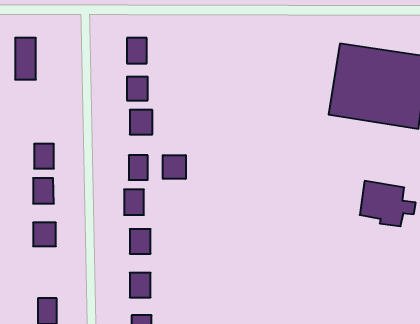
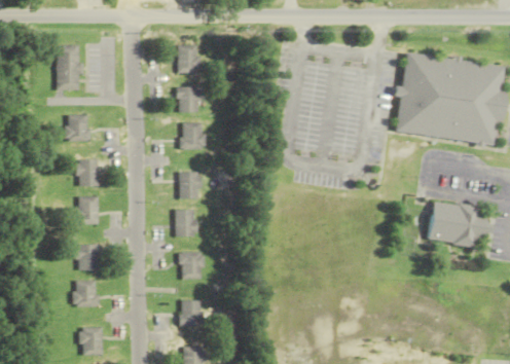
building: none -> [66,115,89,141]
building: [163,155,186,179] -> none
building: none -> [74,281,97,307]

